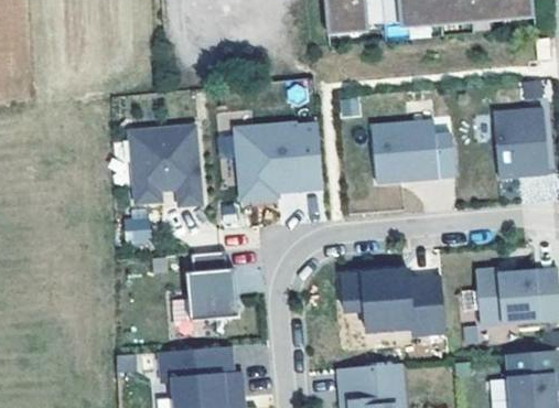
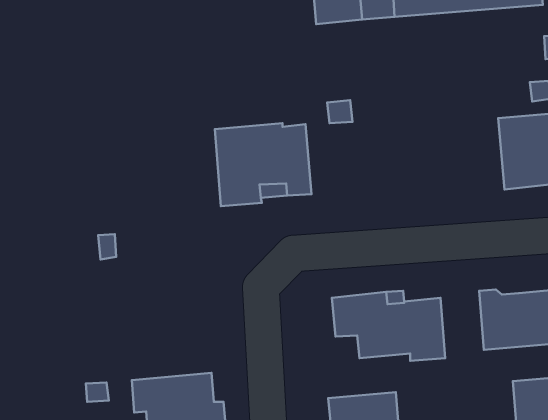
building: [372,121,439,183] -> none
building: [125,127,197,206] -> none
building: [181,251,234,322] -> none

